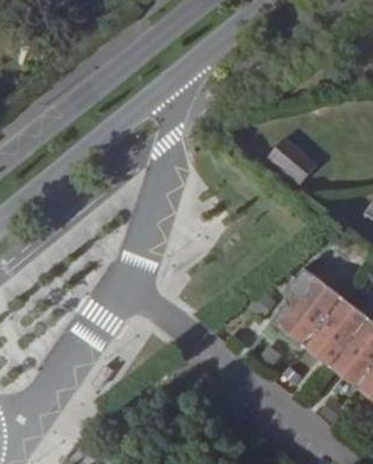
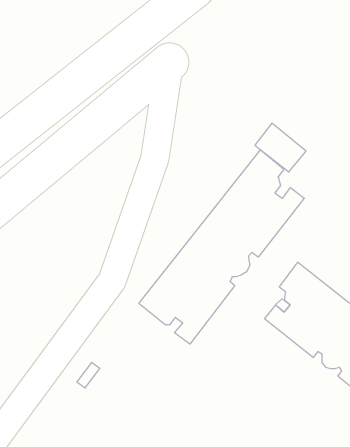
building: none -> [139,150,304,344]

